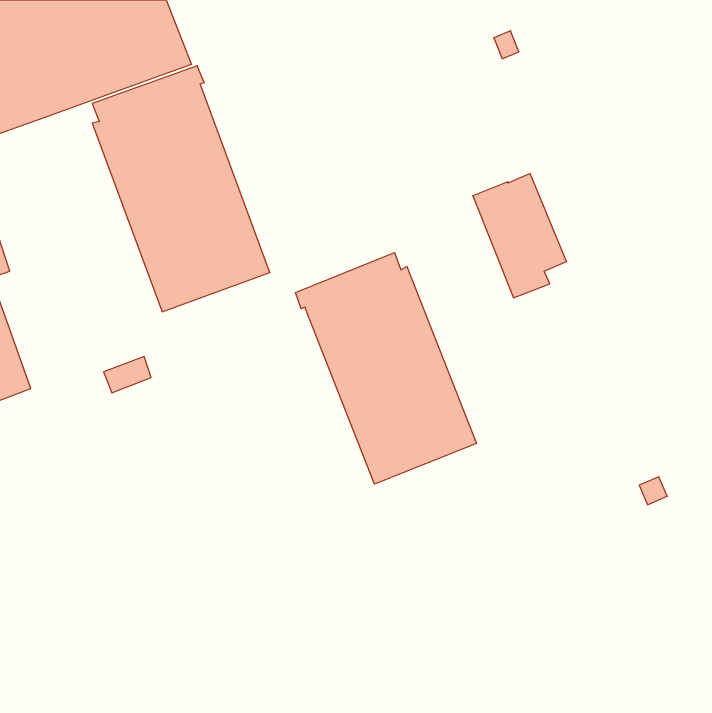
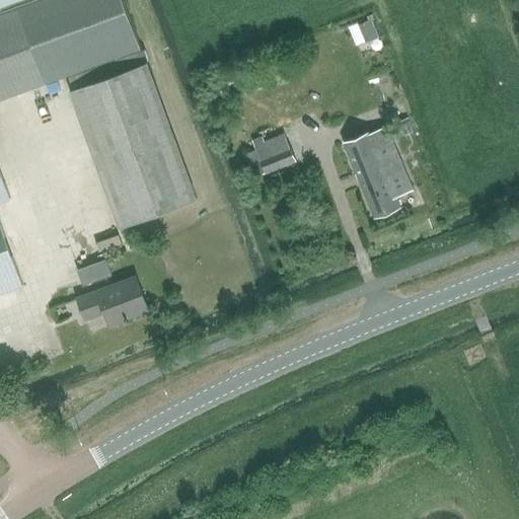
building: none -> [250,134,294,173]
building: [295,253,476,484] -> none
building: none -> [77,279,146,328]

